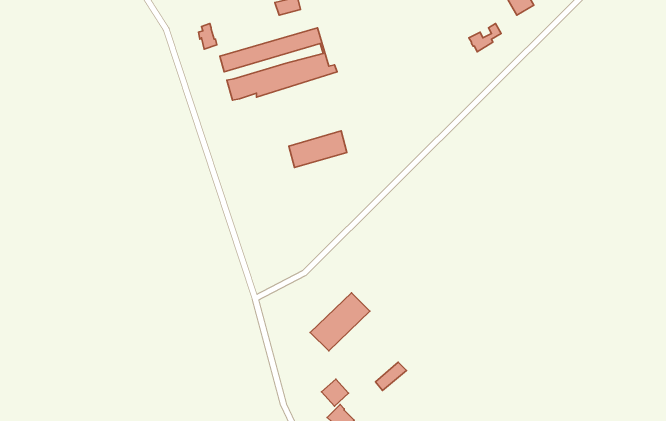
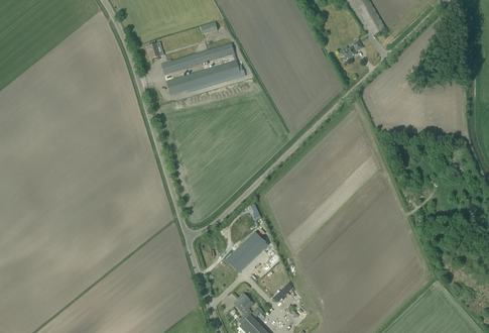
building: [289,131,347,168] -> none

